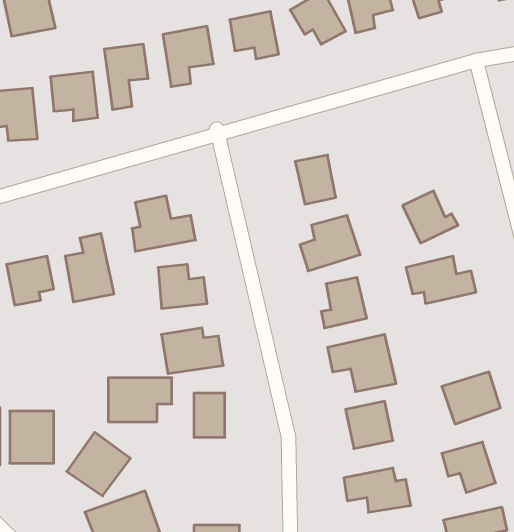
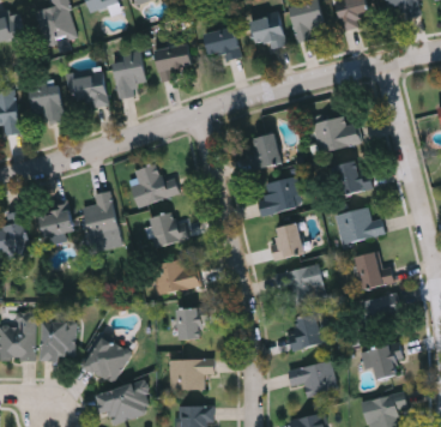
building: none -> [312,116,361,154]
building: none -> [355,252,385,290]
building: [108,378,172,422] -> [168,359,215,391]

